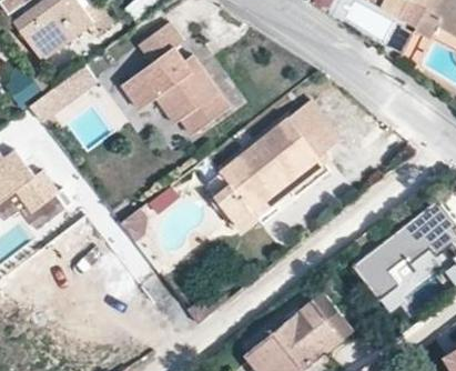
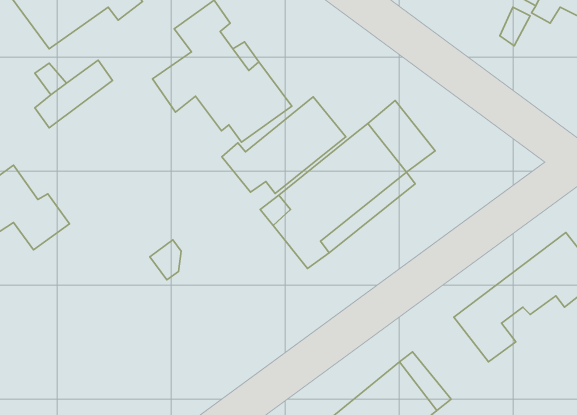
building: none -> [222,97,346,193]

